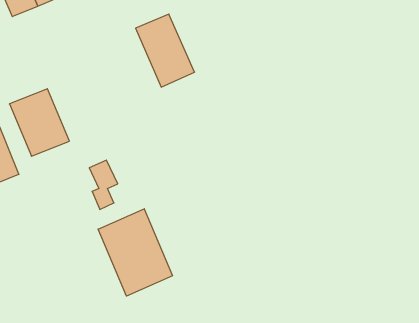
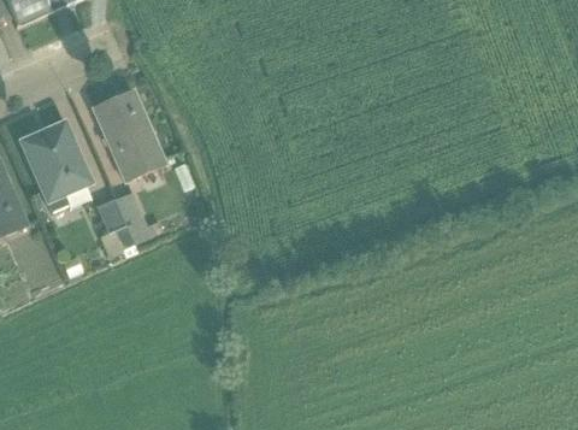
building: [136,14,195,87] -> [92,88,166,181]
building: [98,209,172,296] -> none

